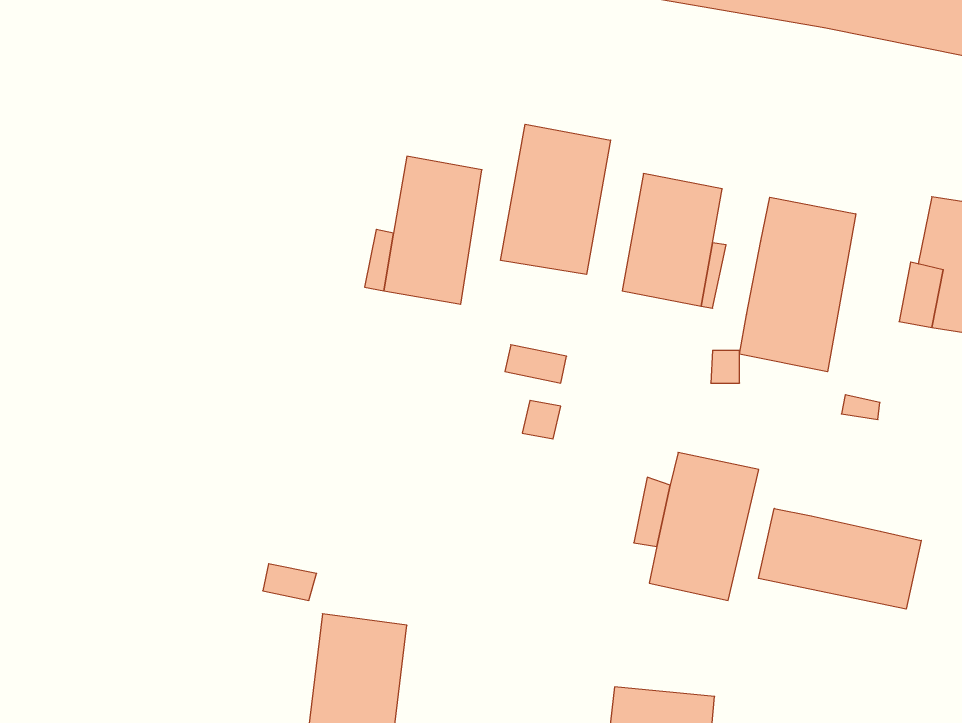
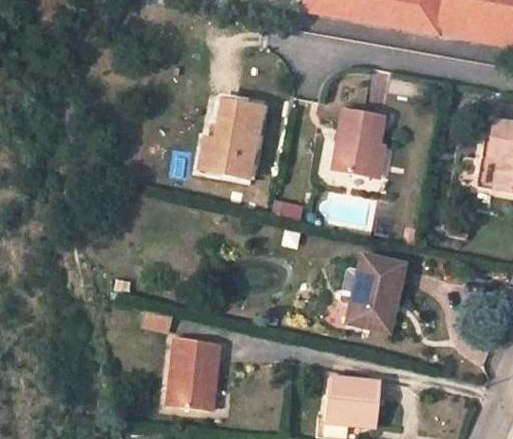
building: [501,124,611,274] -> none
building: [740,197,856,372] -> none
building: [758,508,921,609] -> none

